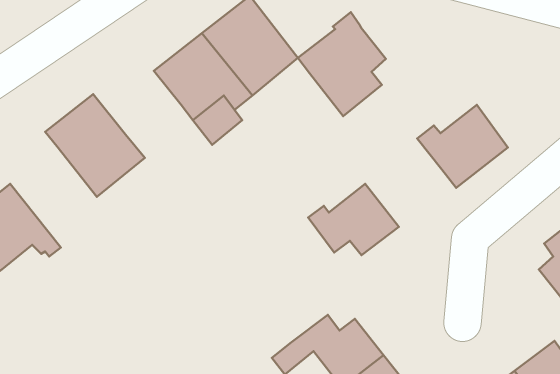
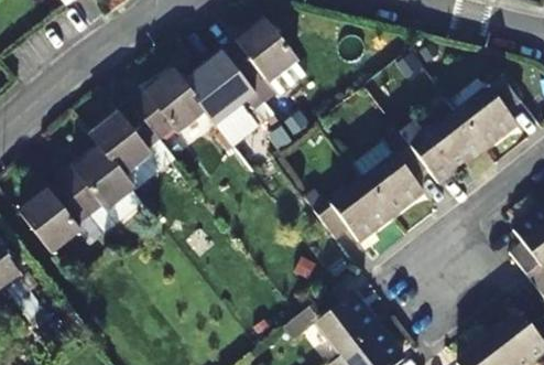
building: [298,12,386,116] -> [351,128,426,216]
building: none -> [130,71,205,138]
building: none -> [456,71,520,149]
building: none -> [59,148,142,234]

